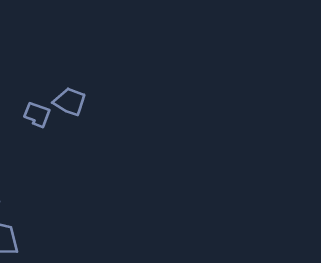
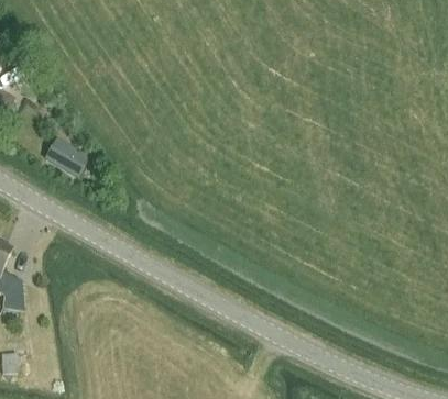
building: [52,89,84,115] -> none

